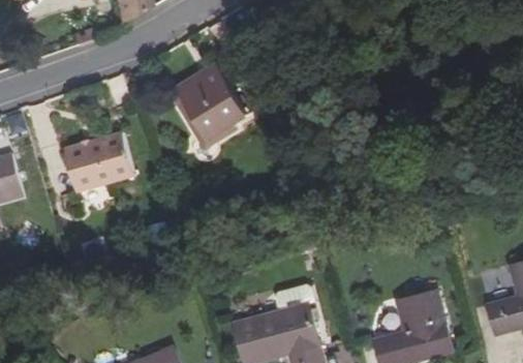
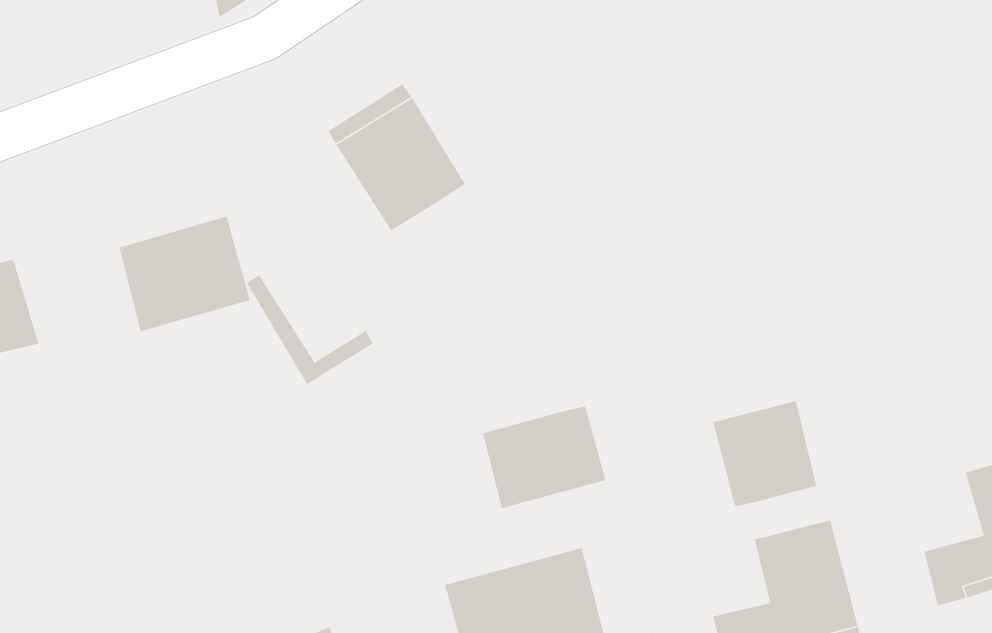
building: [171,92,238,150] -> [246,275,374,385]
building: none -> [712,400,817,507]
building: none -> [482,405,606,509]

